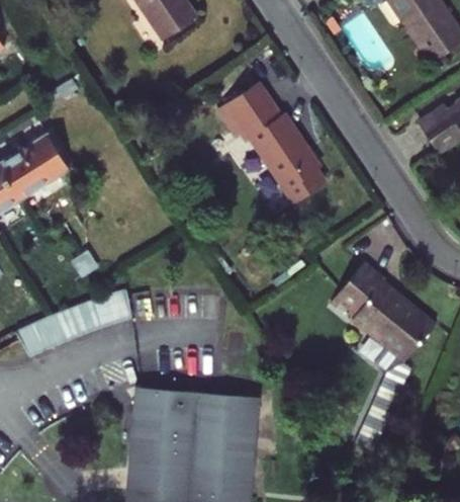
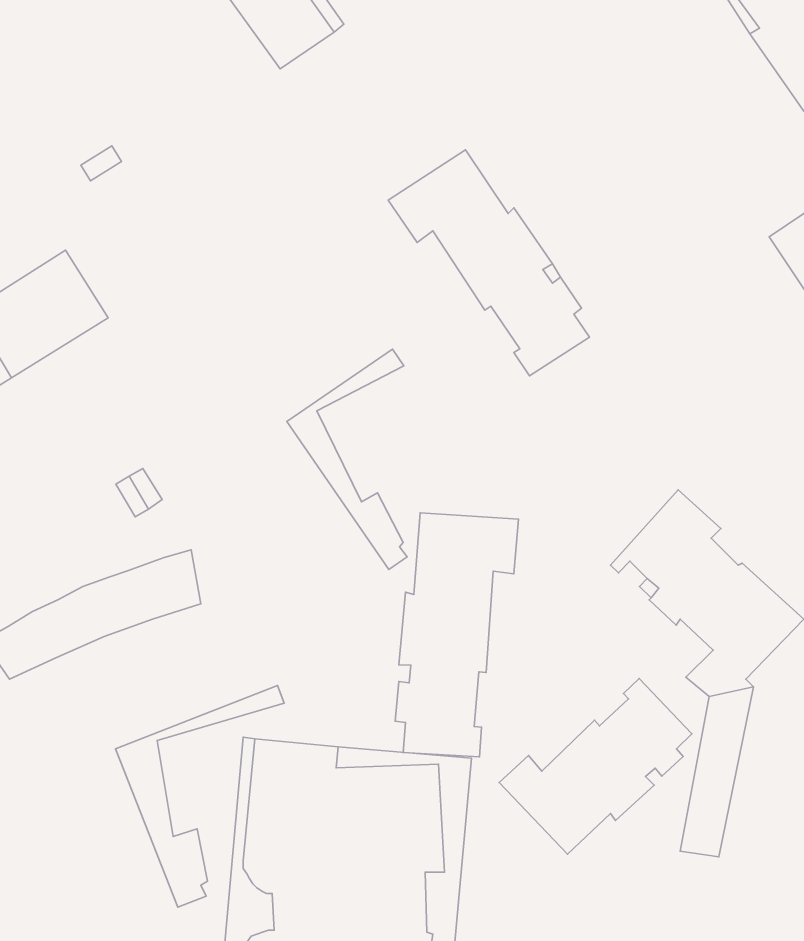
building: none -> [287,349,407,569]
building: none -> [395,513,518,757]
building: none -> [499,678,692,854]
building: none -> [115,685,284,907]

